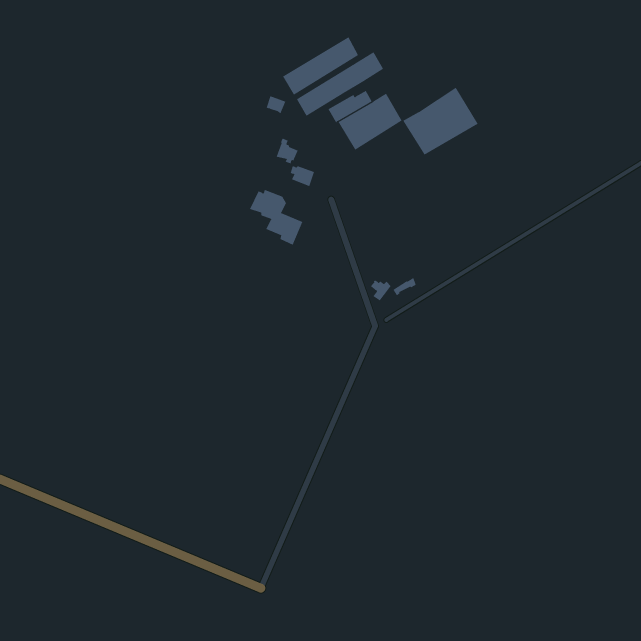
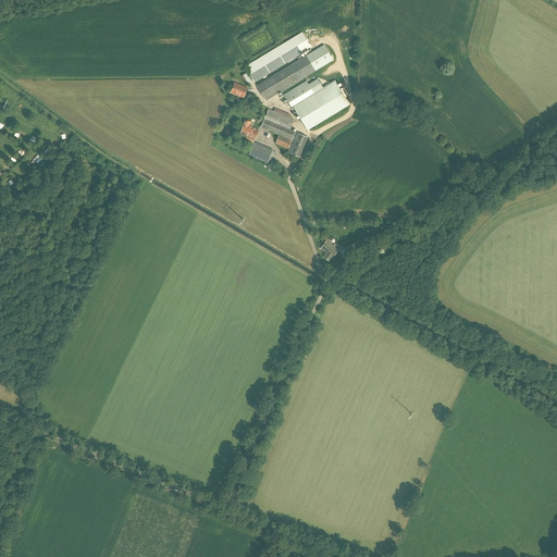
building: [403,87,478,155] -> none
building: [249,189,303,246] -> [261,109,308,158]

